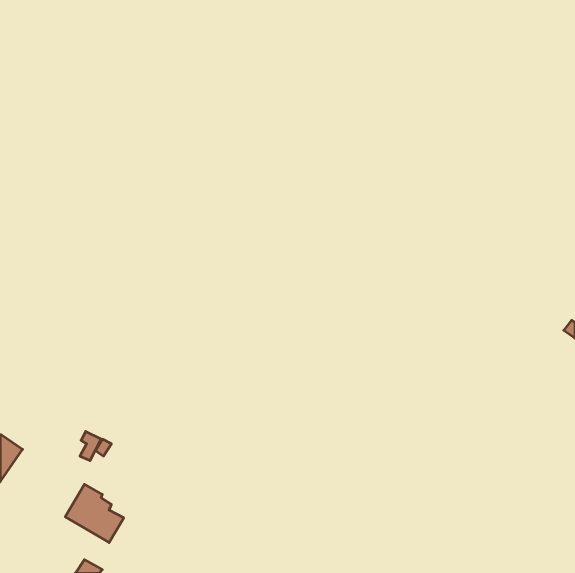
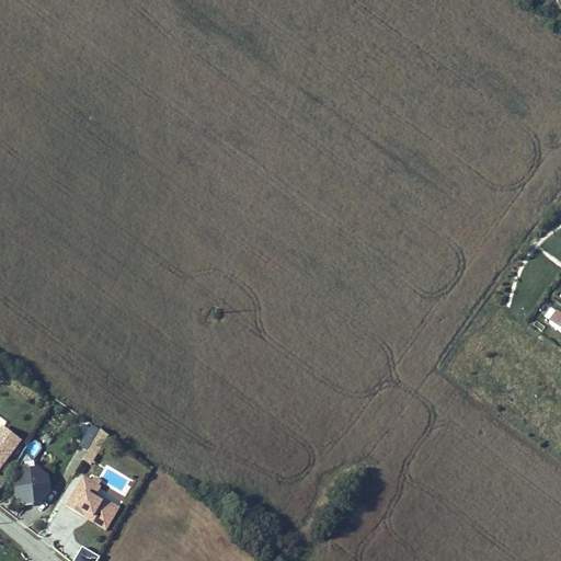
building: none -> [14,460,50,505]

